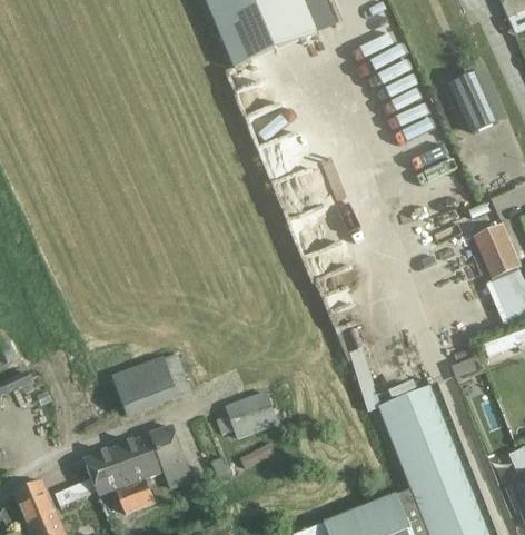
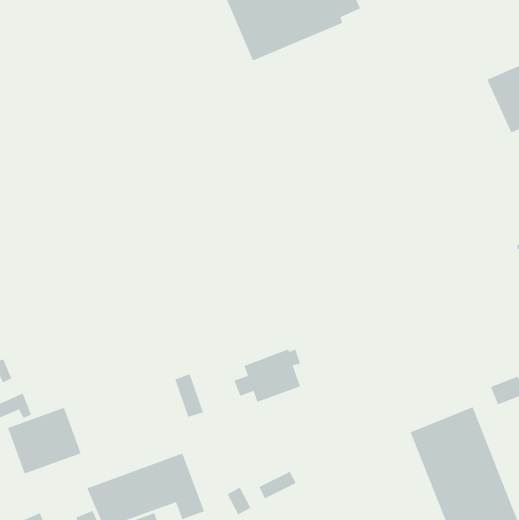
building: [102,354,170,415] -> [7,407,82,474]
building: [215,390,276,439] -> [234,349,301,402]

